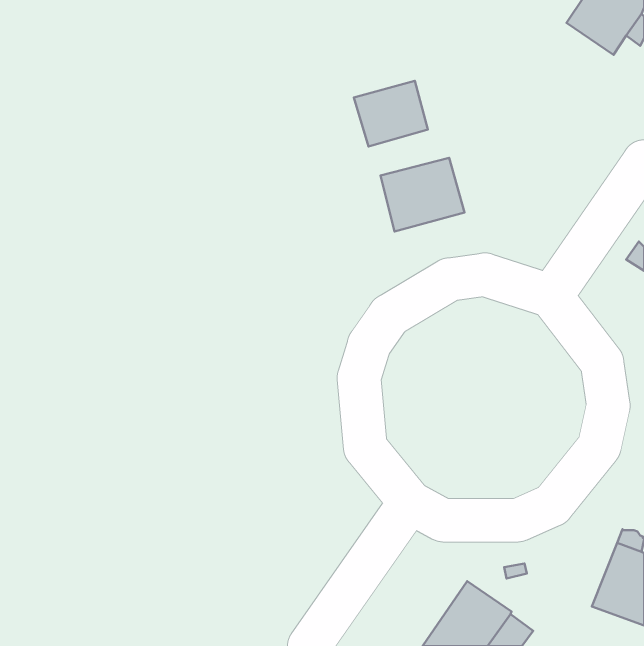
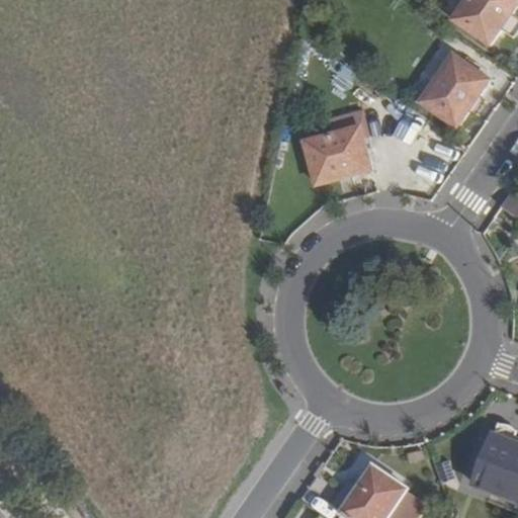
building: none -> [419,54,488,125]
building: [354,81,428,147] -> none

